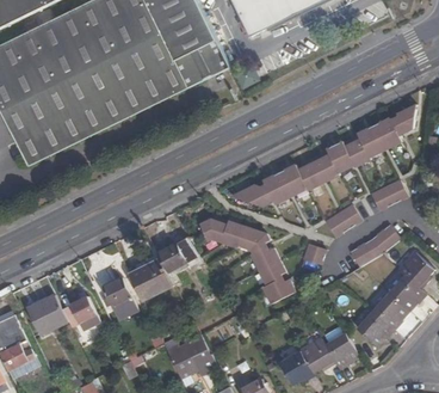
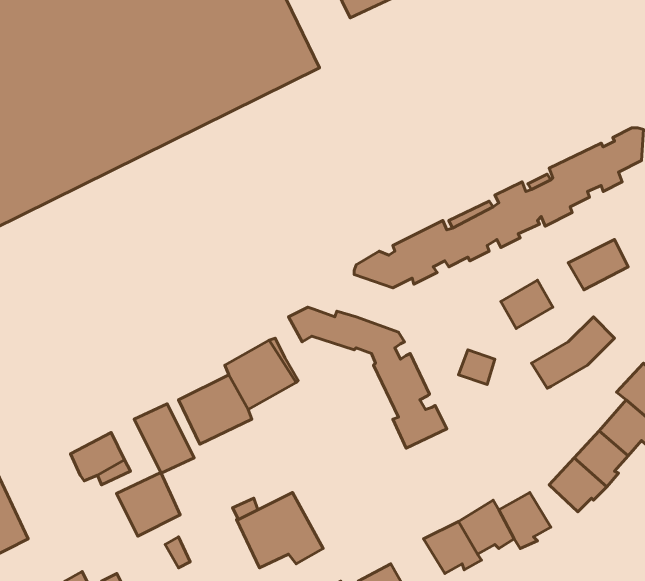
building: [30,296,69,336] -> [117,472,180,536]

